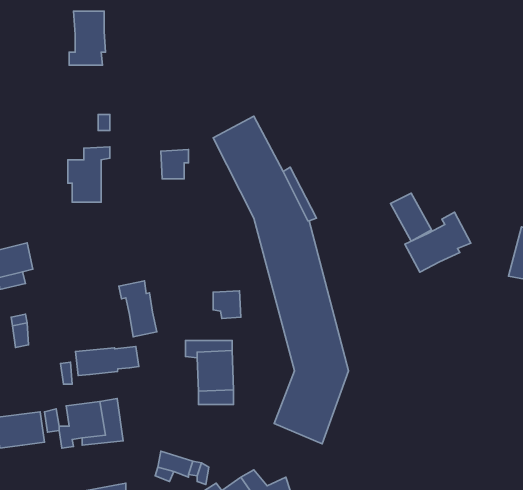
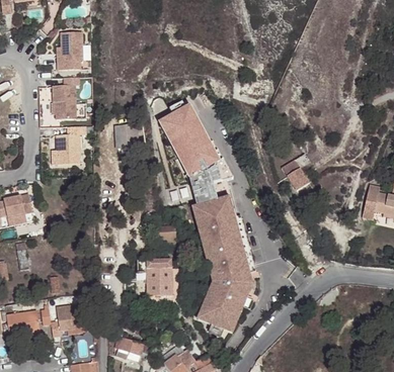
building: none -> [52,77,78,119]
building: [405,212,471,272] -> none
building: [119,281,157,337] -> none
building: [75,347,139,375] -> none

